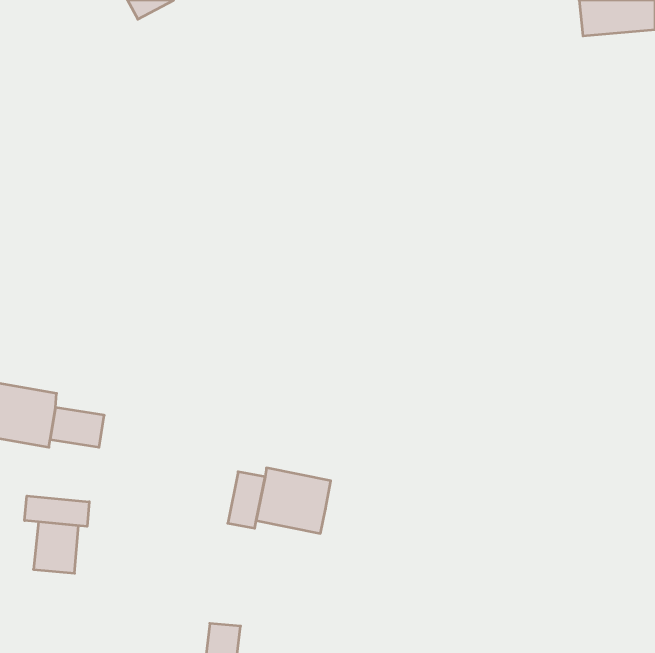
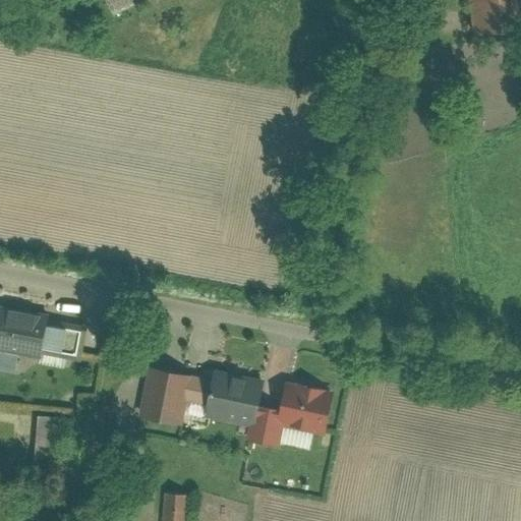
building: none -> [137,368,188,423]
building: none -> [250,384,334,446]
building: [25,496,89,526] -> none

